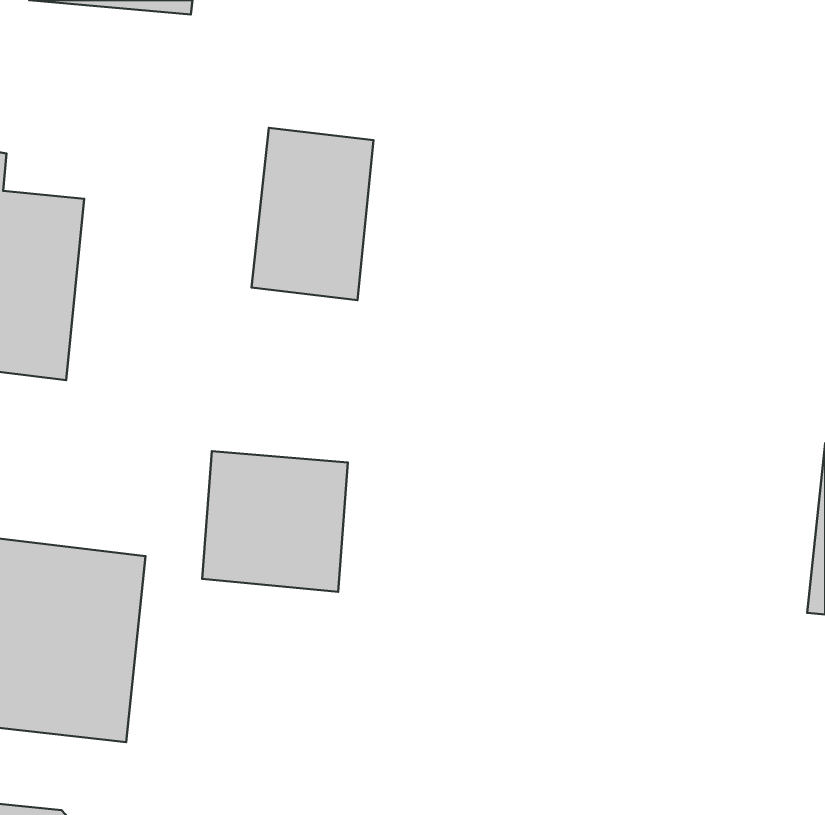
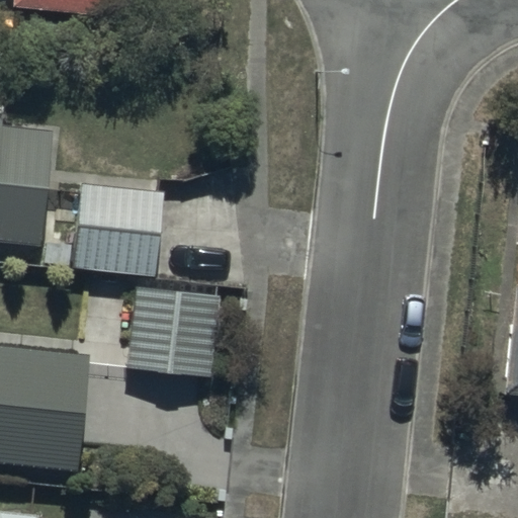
building: [251,128,374,300] -> none
building: none -> [45,182,166,277]

